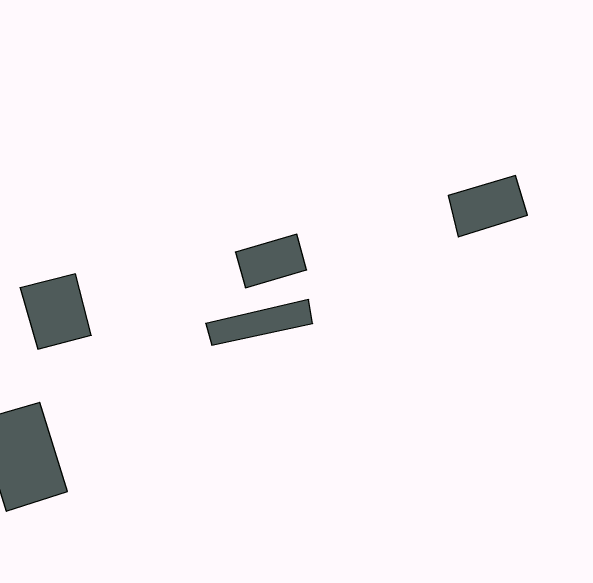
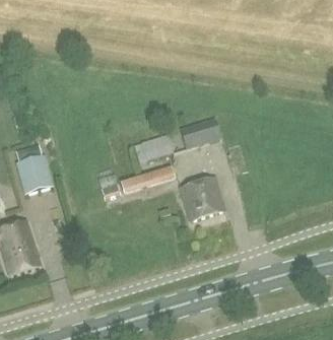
building: [448,176,527,237] -> [180,117,220,148]
building: none -> [179,177,223,220]

